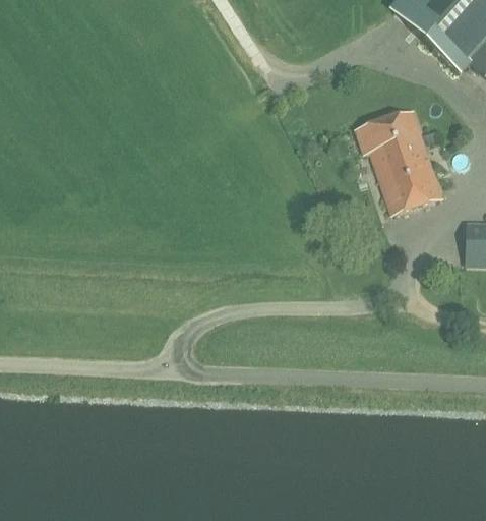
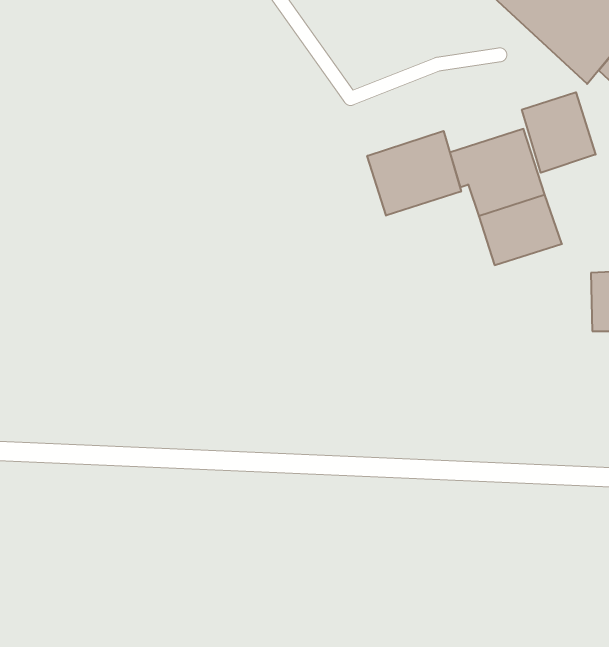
building: none -> [522,92,596,173]
building: none -> [367,131,461,216]

